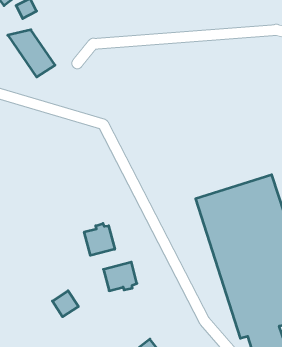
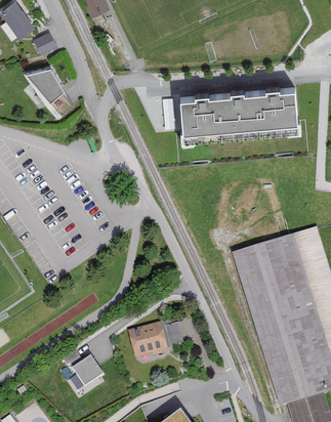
building: none -> [178,85,299,138]
building: [84,223,115,255] -> none

